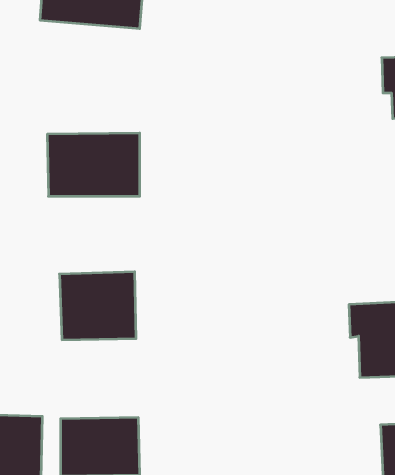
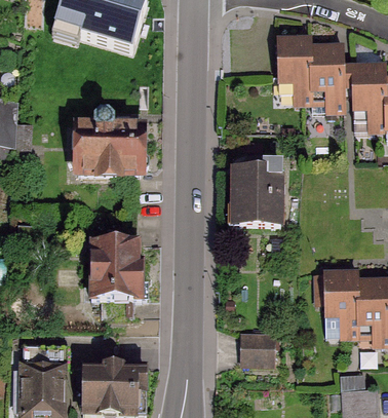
building: none -> [278,34,346,104]
building: none -> [231,163,284,227]
building: none -> [245,329,279,359]

